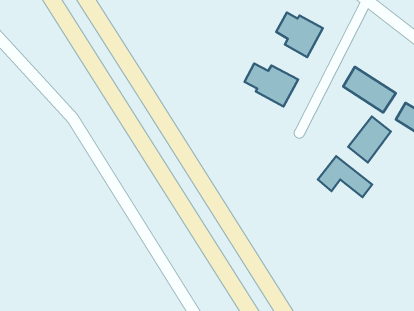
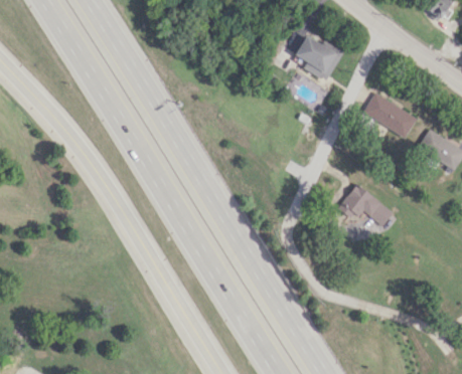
building: [244,64,298,106] -> none
building: [348,117,391,163] -> none

